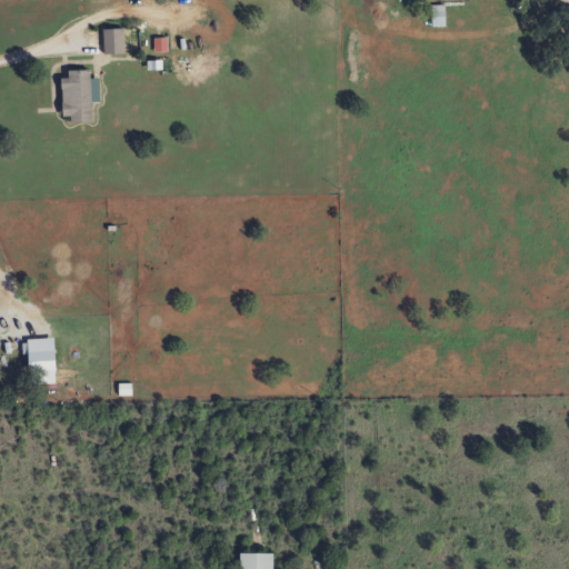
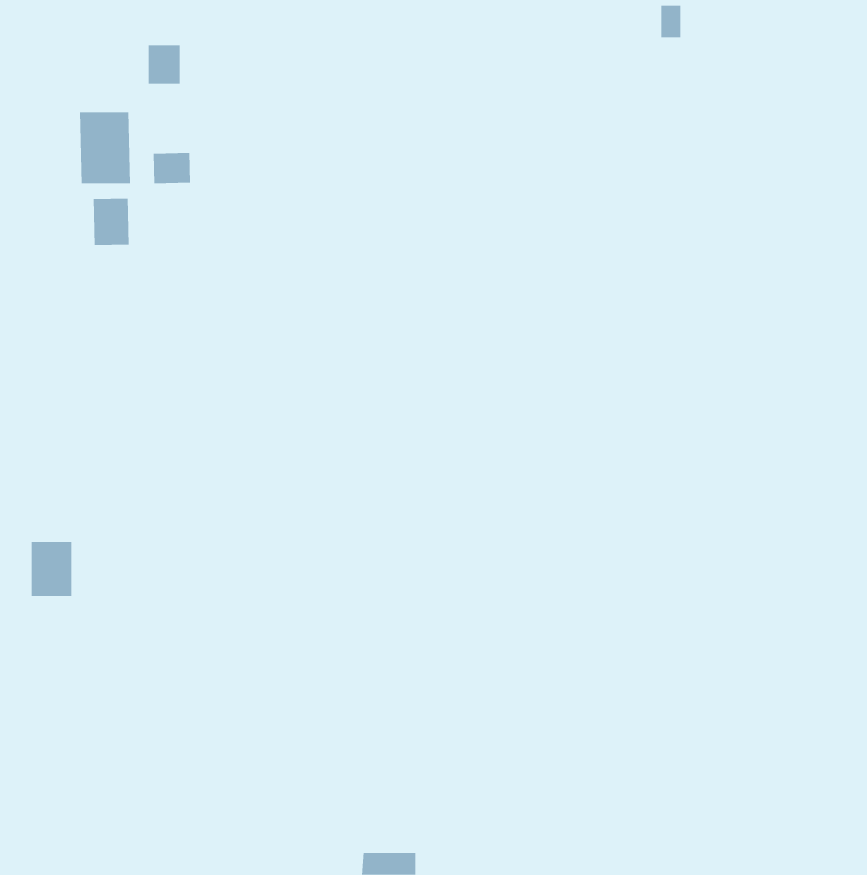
building: none -> [153,152,191,184]
building: none -> [93,198,129,246]

